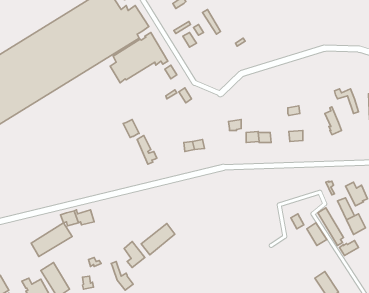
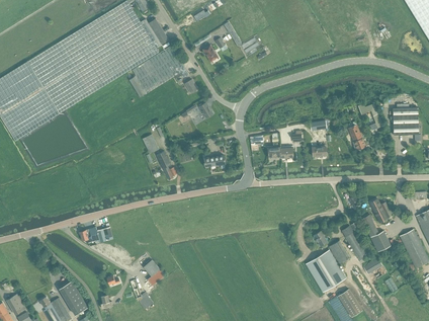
building: [31,223,72,257] -> none
building: [141,224,175,255] -> none
building: none -> [306,250,347,293]

